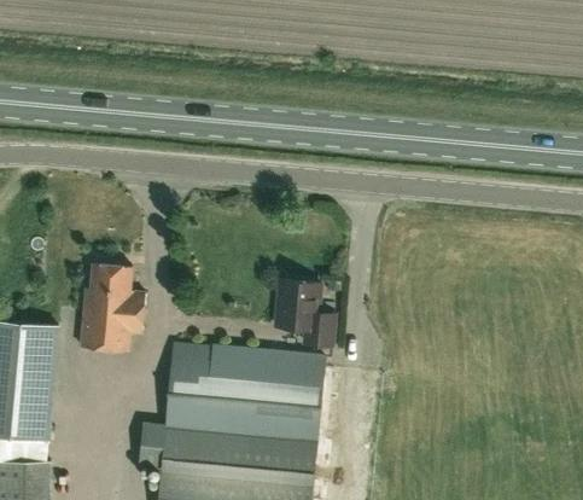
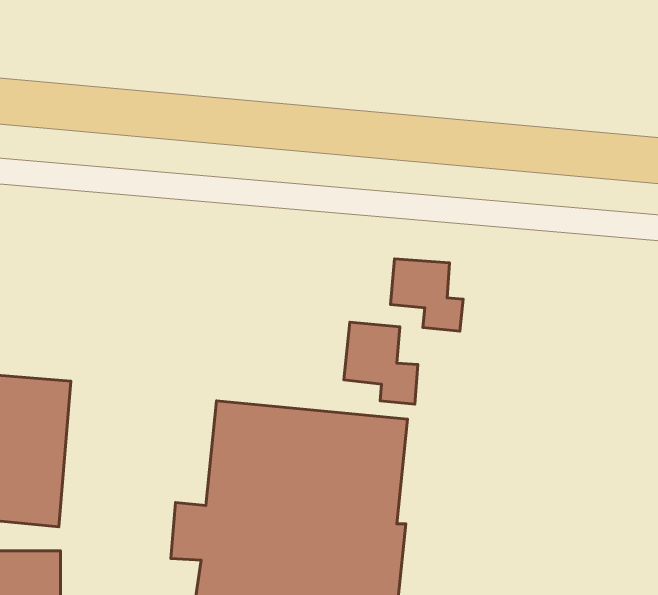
building: none -> [390,259,463,331]
building: [80,263,145,351] -> none

